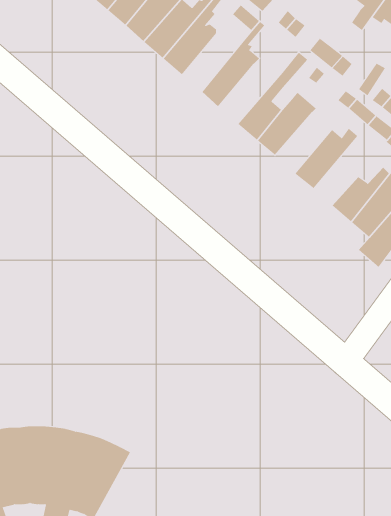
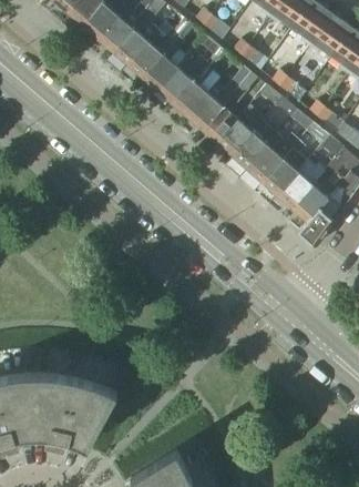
building: none -> [158,55,208,104]
building: none -> [187,67,252,130]
building: none -> [233,121,278,170]
building: none -> [264,140,307,195]

